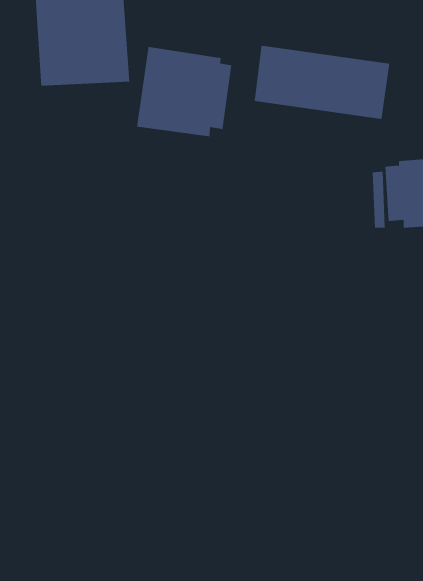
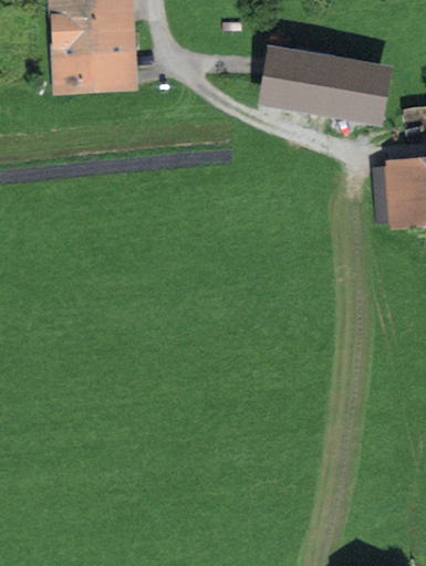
building: [136,46,232,137] -> none

